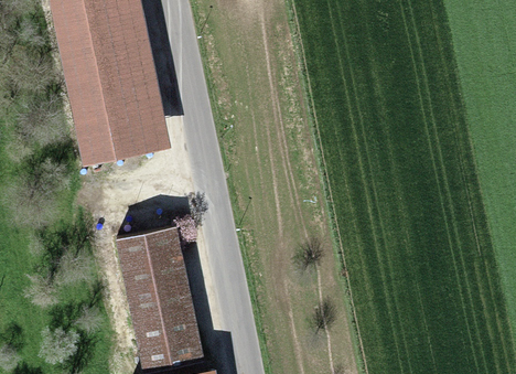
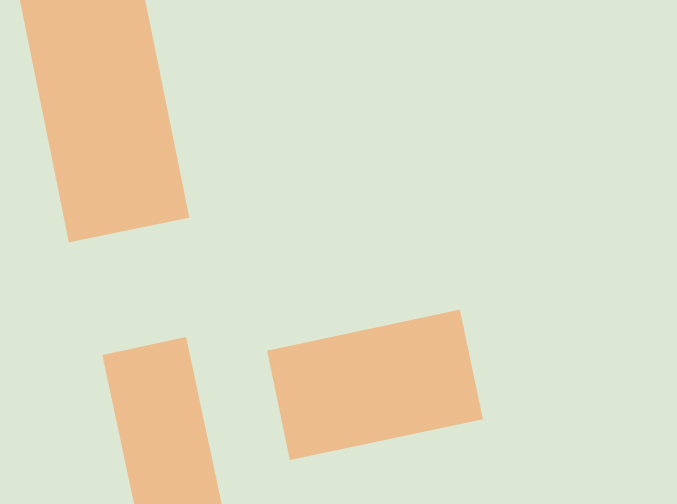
building: none -> [266,309,483,461]

